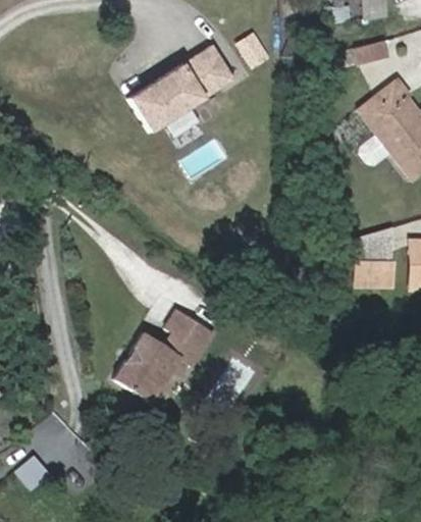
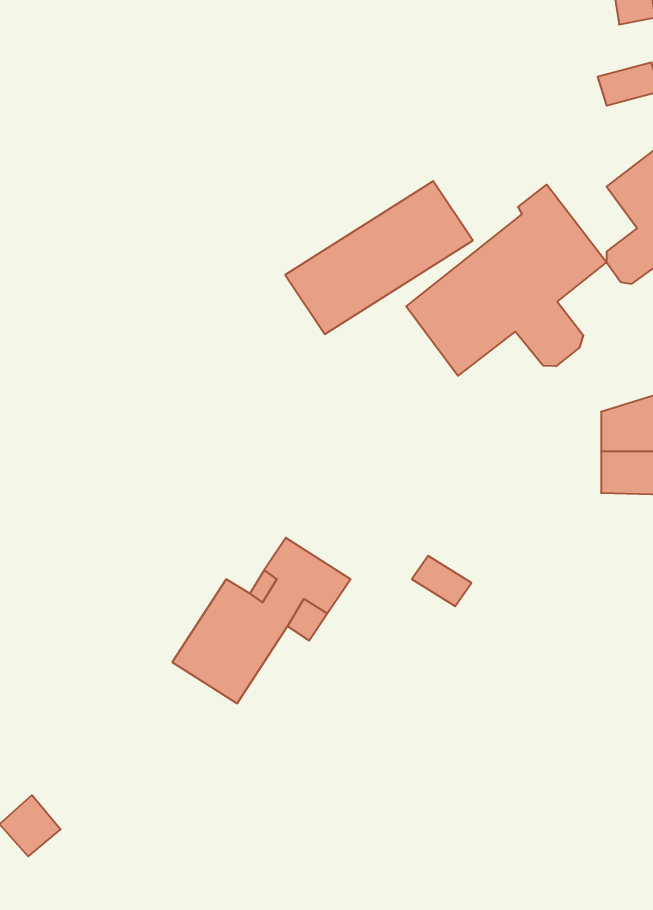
building: [127,43,233,129] -> [285,181,473,334]
building: none -> [406,185,607,376]

